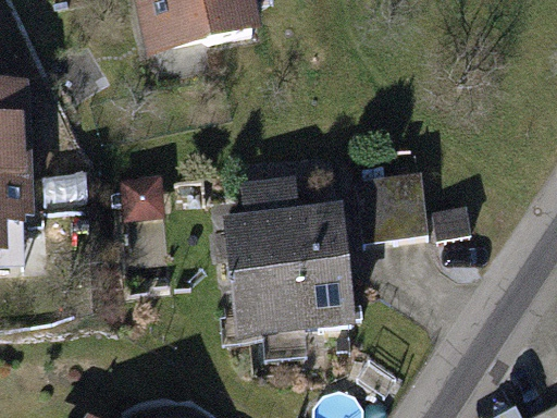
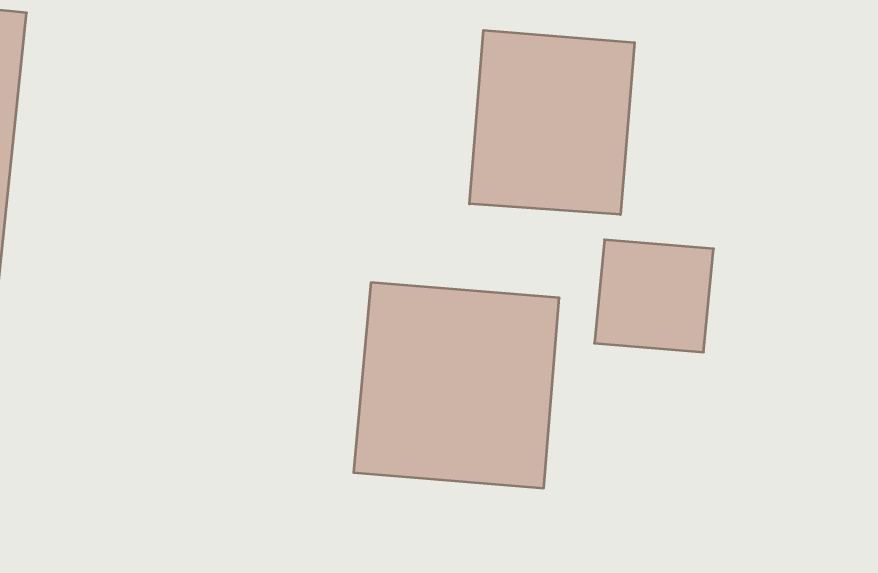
building: none -> [469,30,635,215]

